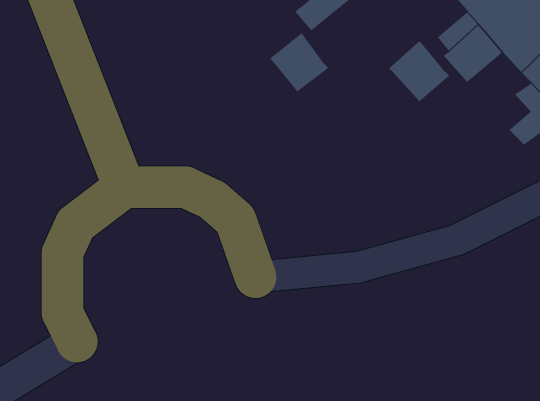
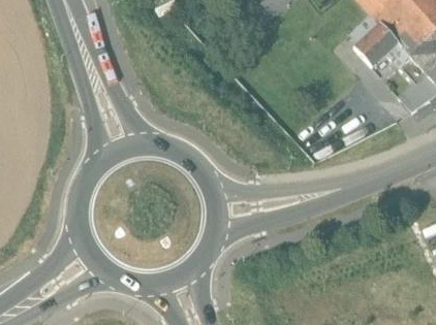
building: [269,32,329,93] -> none
building: [389,40,450,102] -> none

